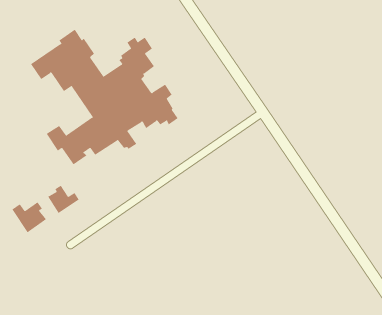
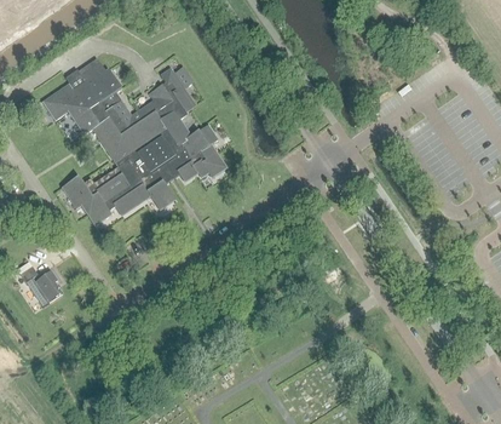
building: [47,185,80,214] -> none

